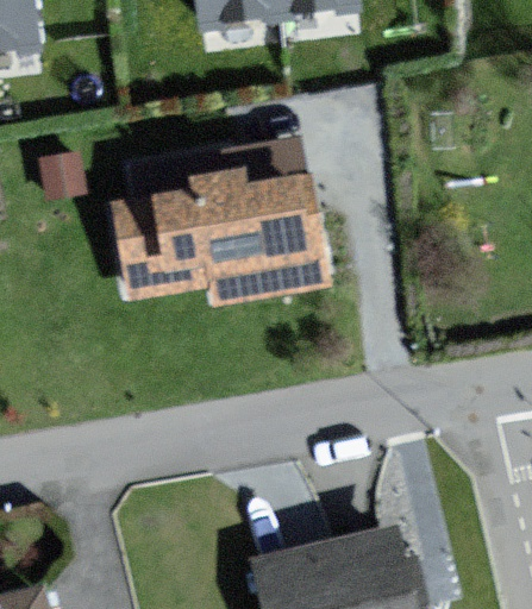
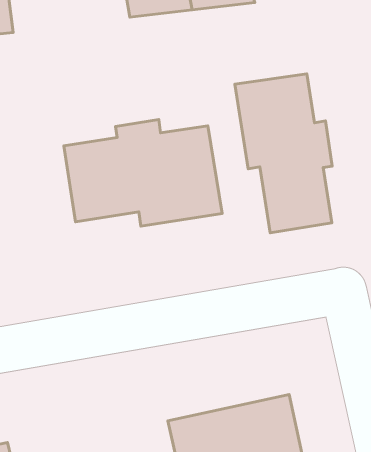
building: none -> [235,74,332,233]

